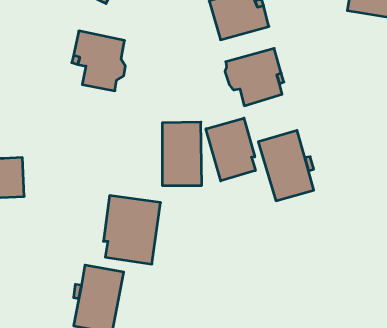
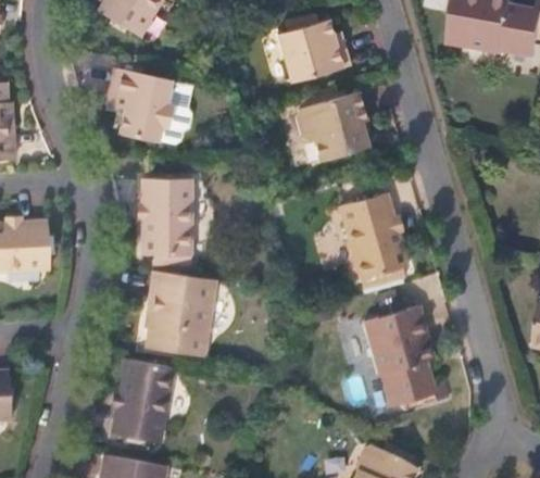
building: [206,118,255,181] -> none
building: [162,122,202,185] -> [146,178,194,256]
building: none -> [364,304,449,403]

